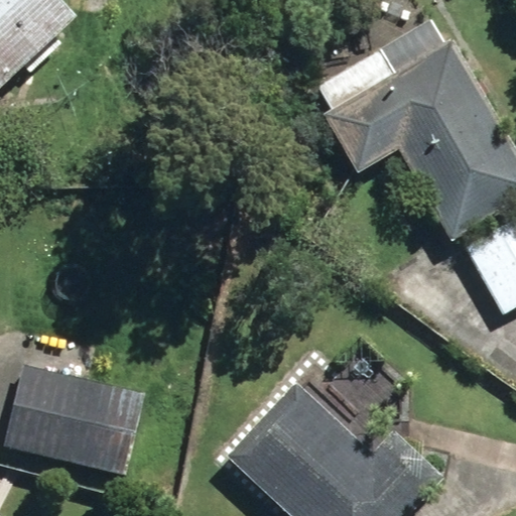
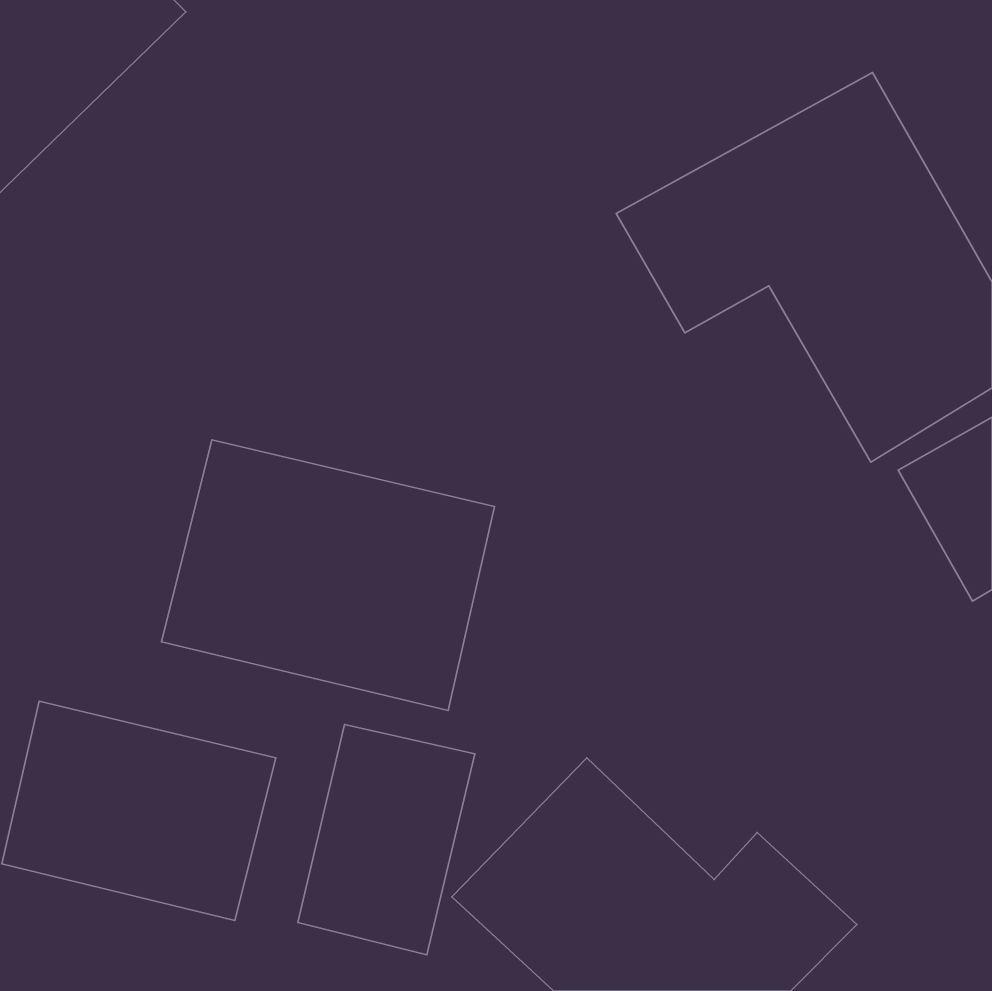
building: none -> [161,440,494,711]
building: none -> [298,724,475,955]

